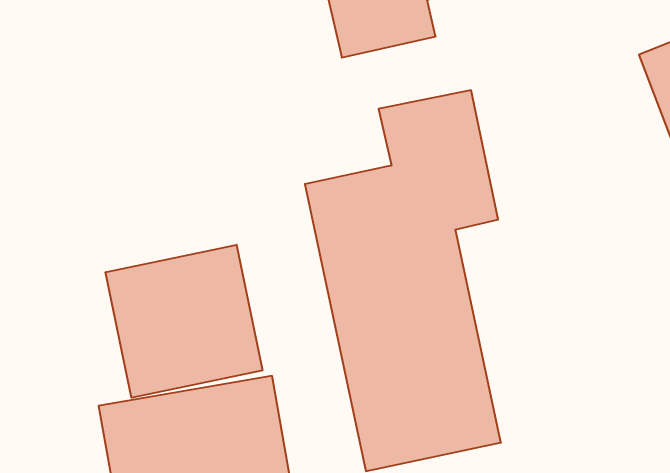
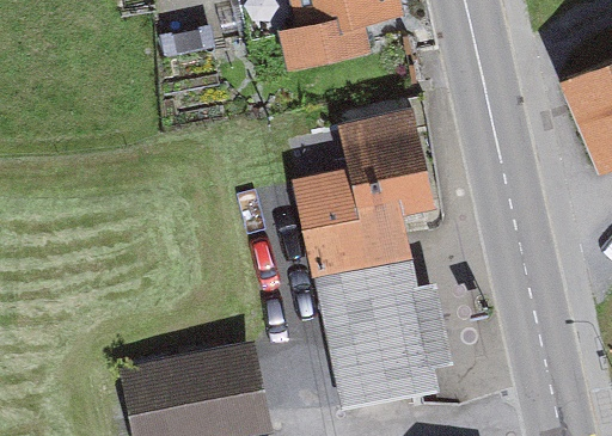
building: [106,245,262,398] -> none

